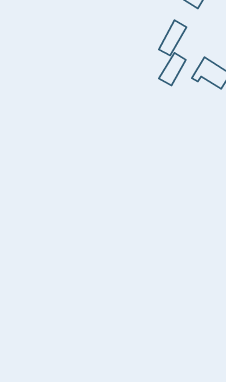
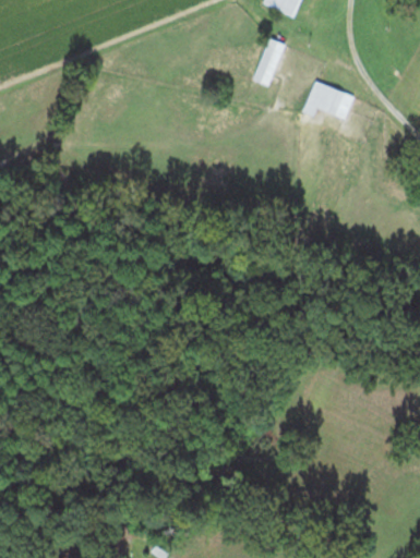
building: [159,53,186,86] -> none

